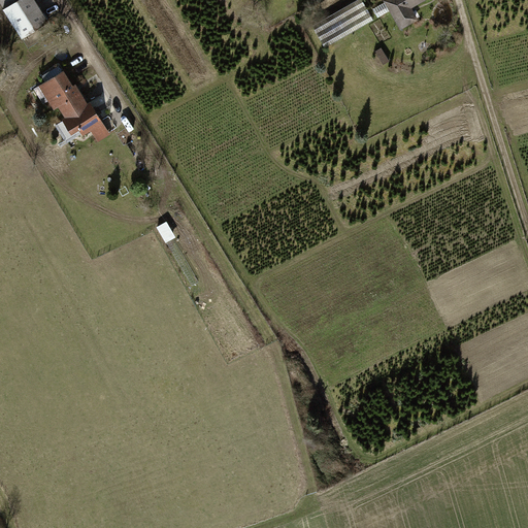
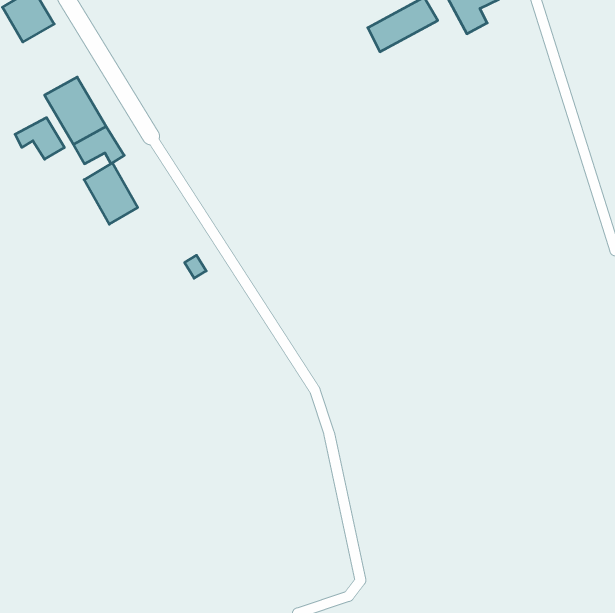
building: none -> [15,118,64,159]
building: none -> [84,163,138,224]

